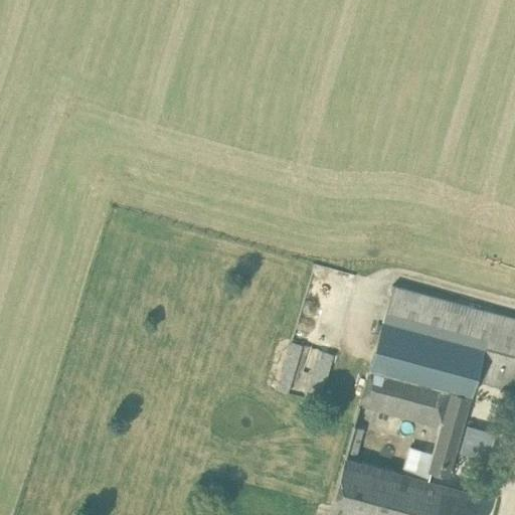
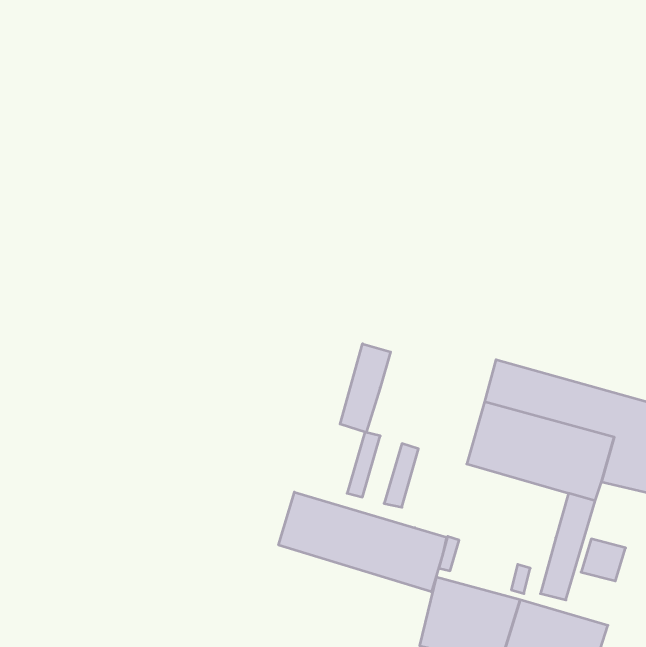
building: none -> [340,344,391,432]
building: [362,369,453,427] -> none
building: none -> [279,492,447,592]

